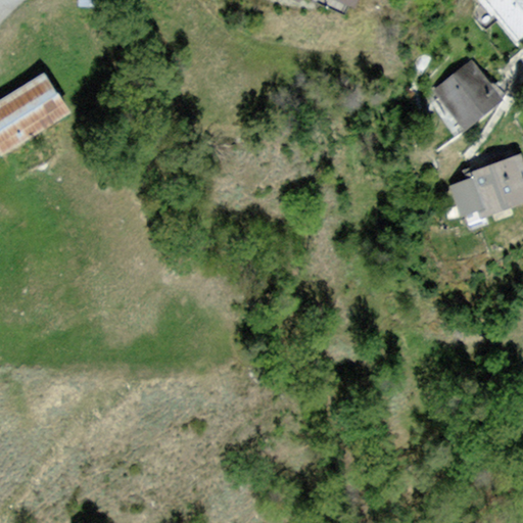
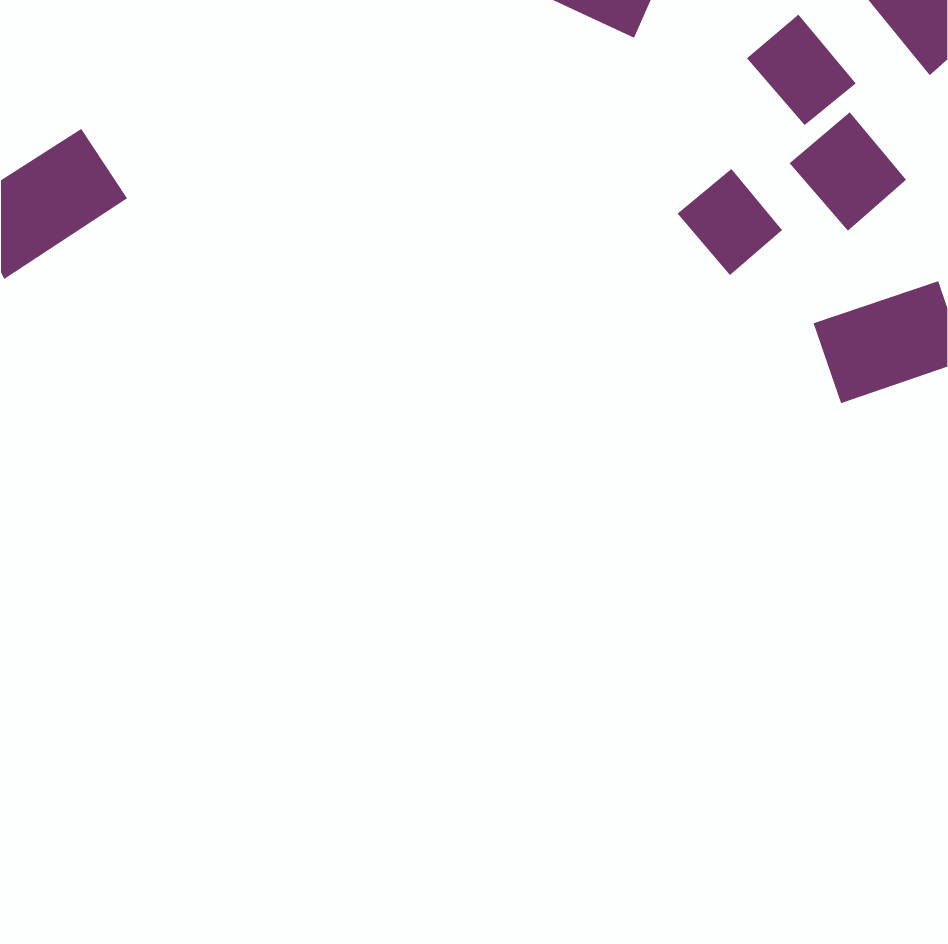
building: none -> [746,14,857,126]
building: none -> [676,168,783,276]

